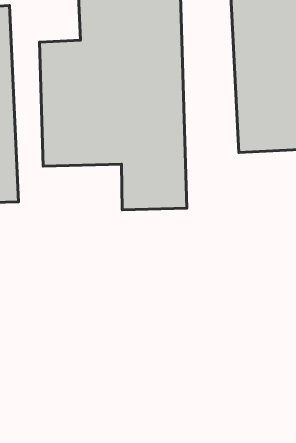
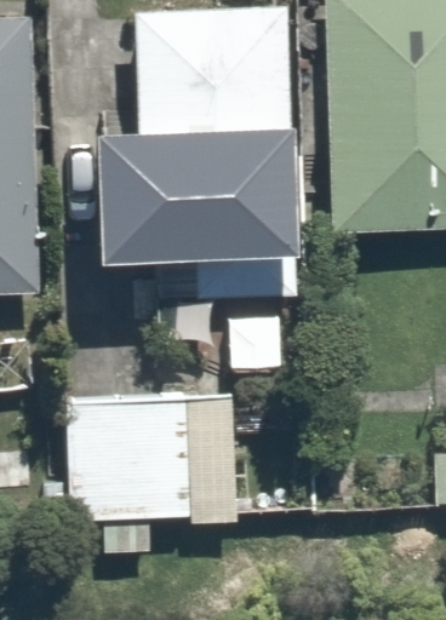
building: none -> [67,377,196,526]

